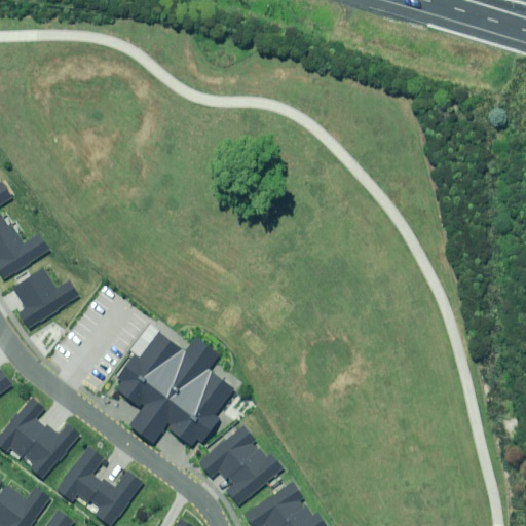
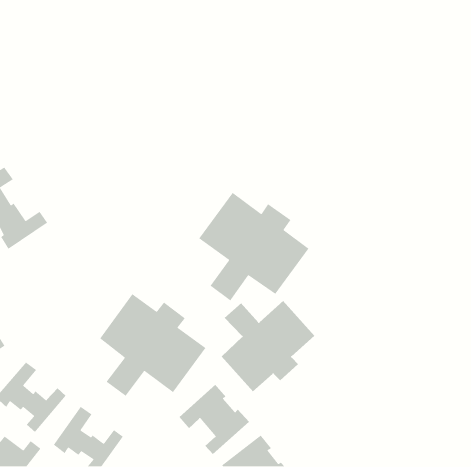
building: none -> [198,192,309,302]
building: [21,264,84,326] -> none
building: none -> [221,300,315,392]

